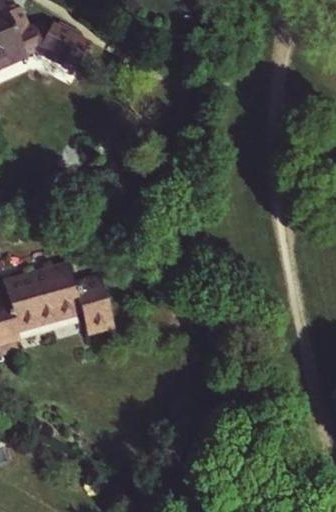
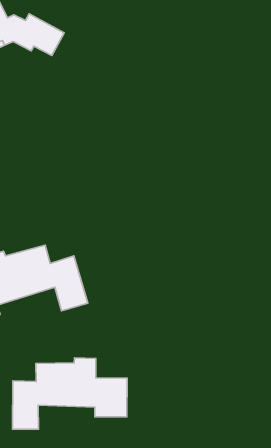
building: none -> [13,358,127,429]

